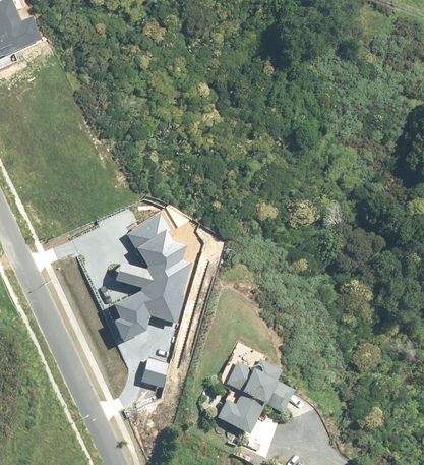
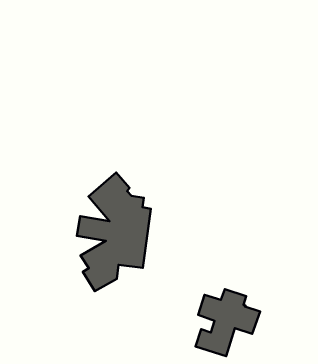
building: [142,358,168,387] -> none

